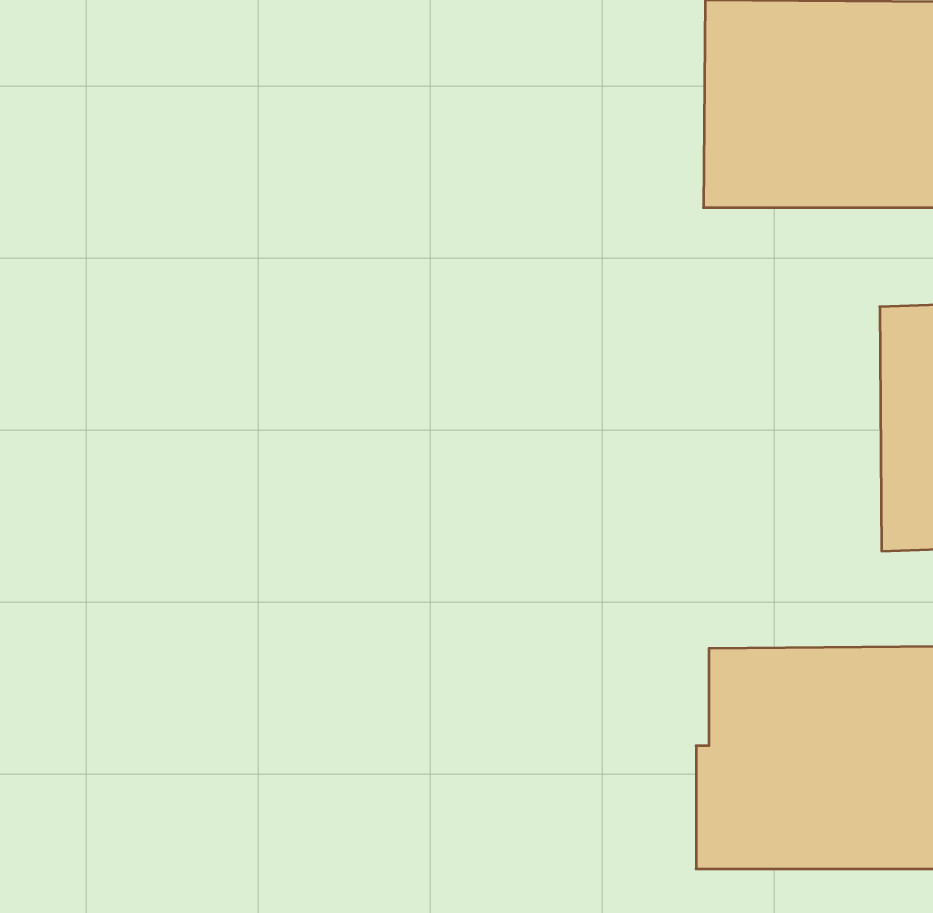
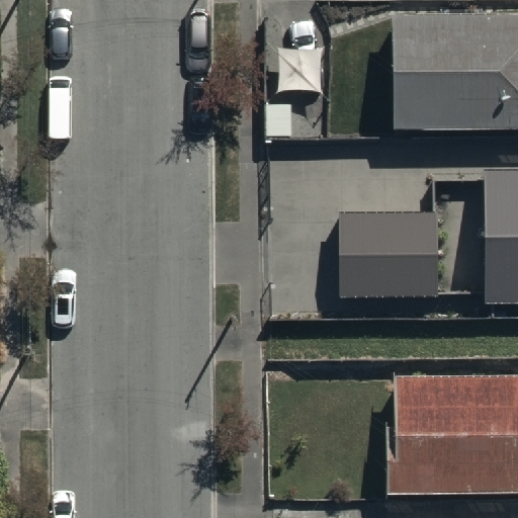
building: none -> [341,226,440,312]

